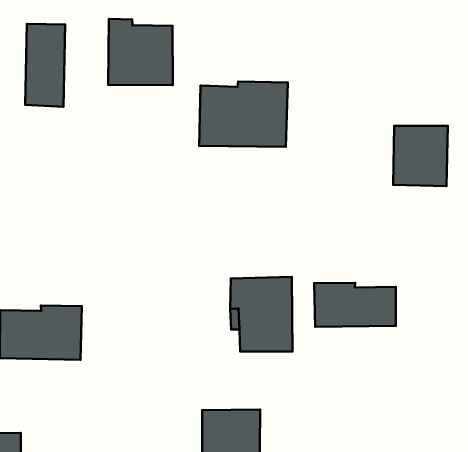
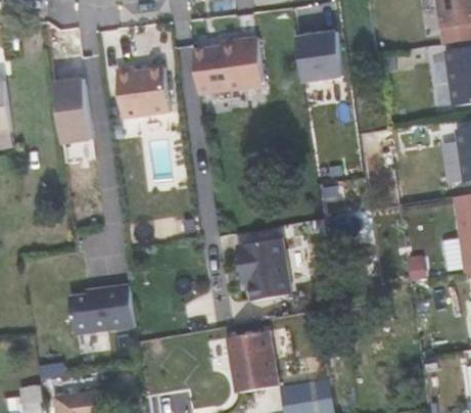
building: [199,82,288,147] -> [191,37,262,94]
building: [393,126,448,186] -> [297,32,343,82]
building: [314,283,396,327] -> none

